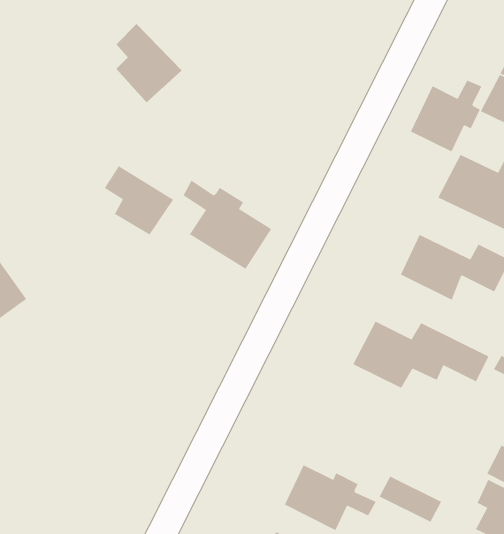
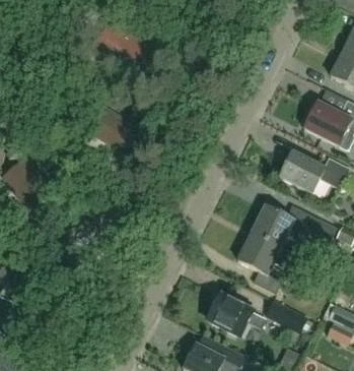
building: [410,79,483,152] -> none
building: [182,180,272,270] -> none
building: none -> [236,232,288,293]

